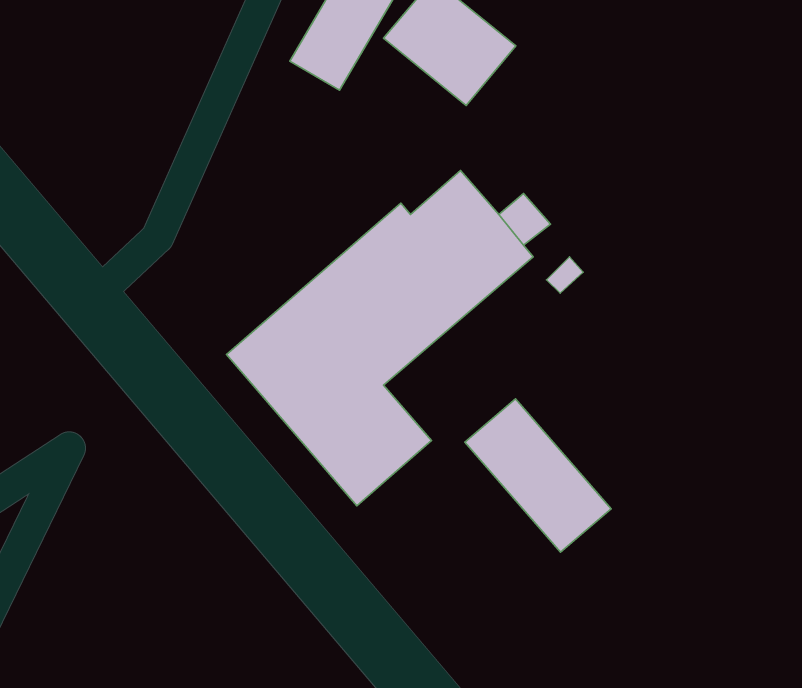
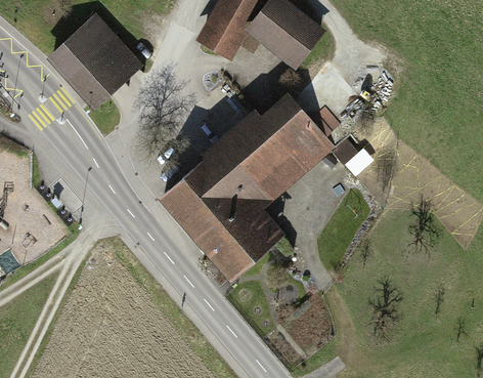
building: none -> [51,22,137,108]
building: [465,399,611,552] -> none

